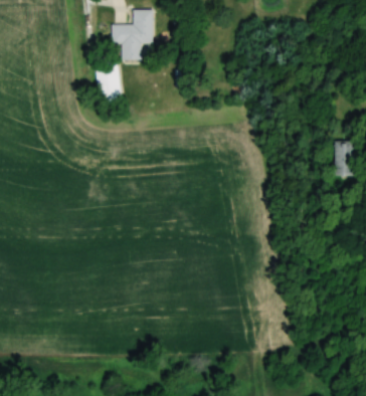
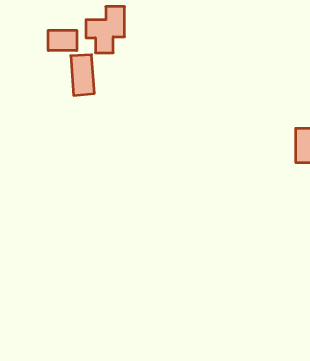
building: none -> [48,30,77,51]

